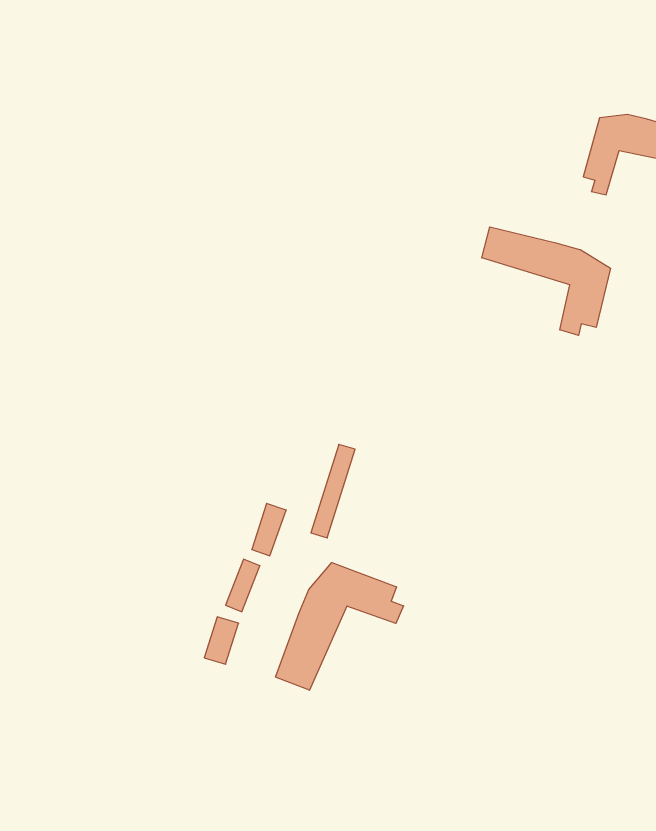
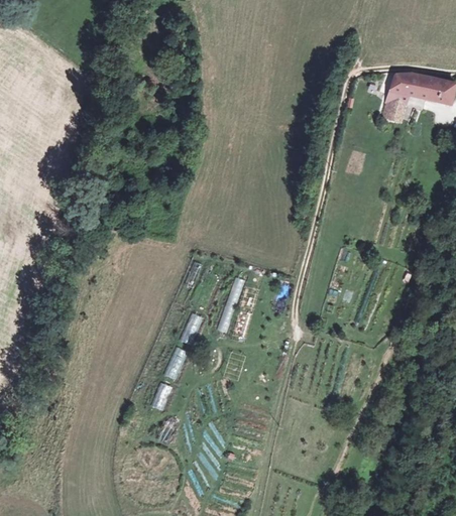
building: [482,227,611,335] -> none
building: [276,563,404,690] -> none

